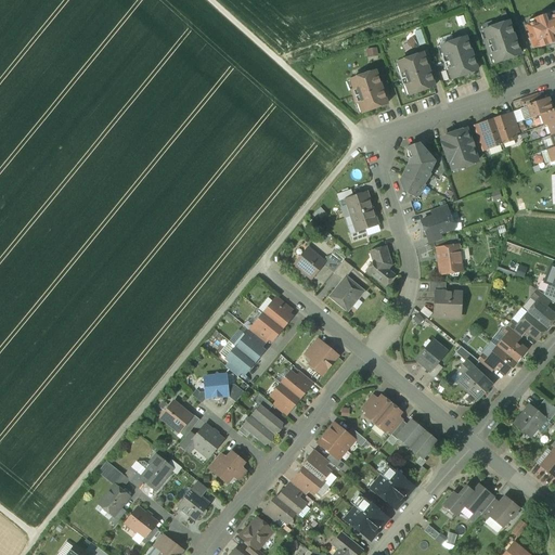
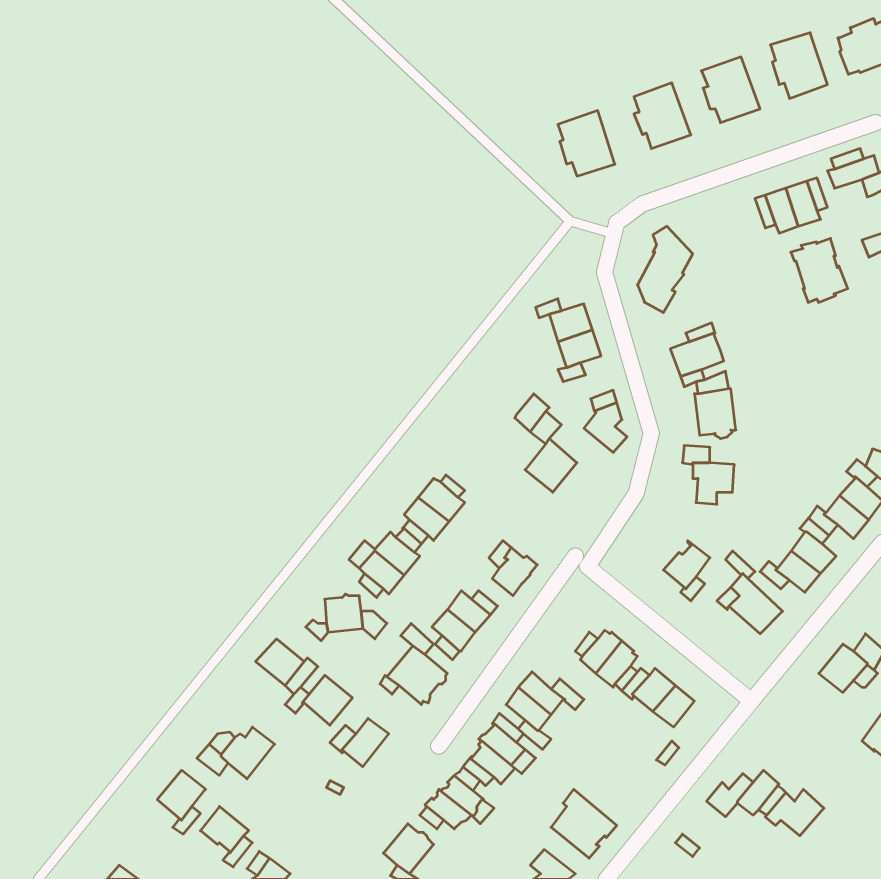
building: [442,128,478,168] -> [791,238,848,302]
building: [295,247,325,276] -> none
building: [372,464,414,507] -> none
building: [179,488,209,518] -> none

